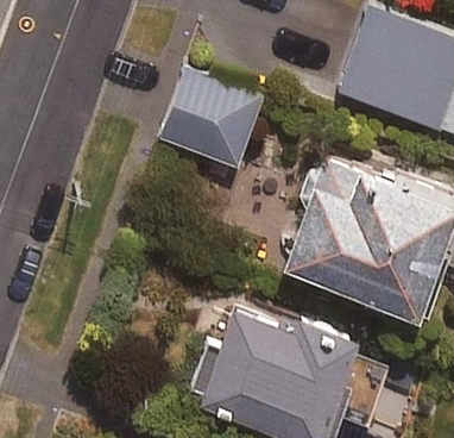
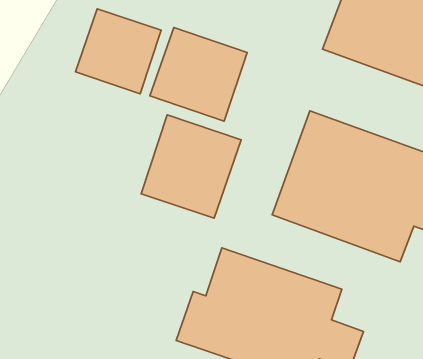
building: none -> [75,9,161,94]
building: none -> [141,115,241,218]

